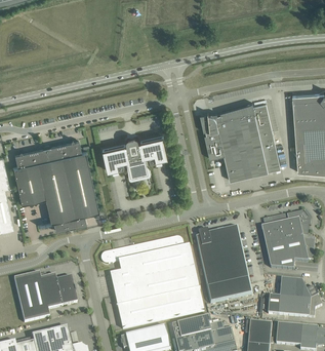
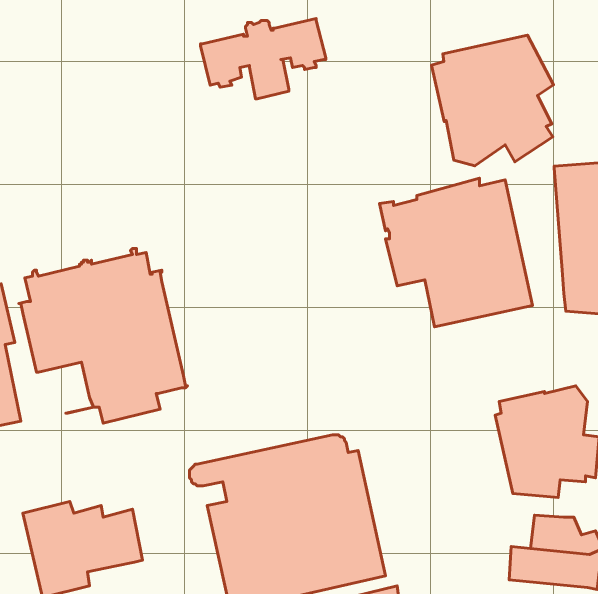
building: none -> [431,35,554,166]
building: [101,134,167,177] -> [200,18,326,99]
building: [196,227,251,301] -> none

